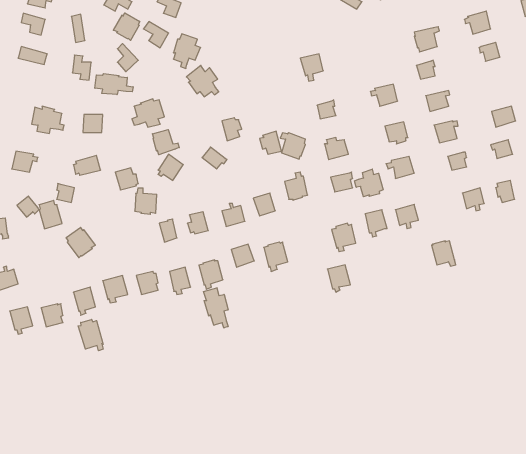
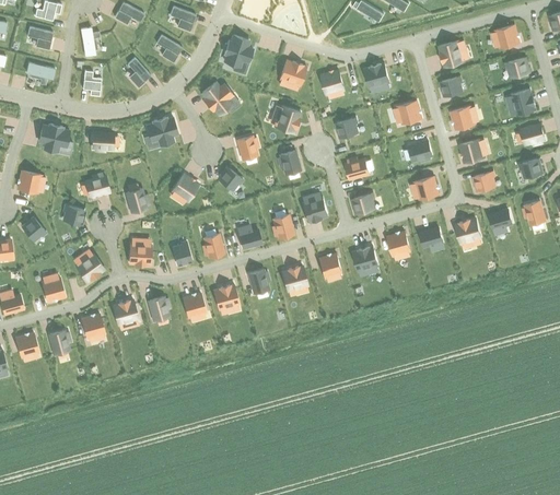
building: [113,13,140,40] -> none
building: [173,34,201,68] -> [224,35,253,71]
building: none -> [279,60,305,86]
building: none -> [363,62,389,92]
building: [95,74,133,95] -> none
building: none -> [505,90,535,115]
building: [152,130,179,155] -> none
building: [280,133,305,159] -> [272,105,299,132]
building: [355,169,383,197] -> none
building: [135,188,157,214] -> [129,238,152,266]
building: [39,200,62,229] -> [42,273,66,303]
building: [432,241,456,266] -> [456,219,481,245]
building: [327,265,350,292] -> [318,254,342,282]
building: [204,288,228,328] -> none
building: [78,319,103,351] -> none

